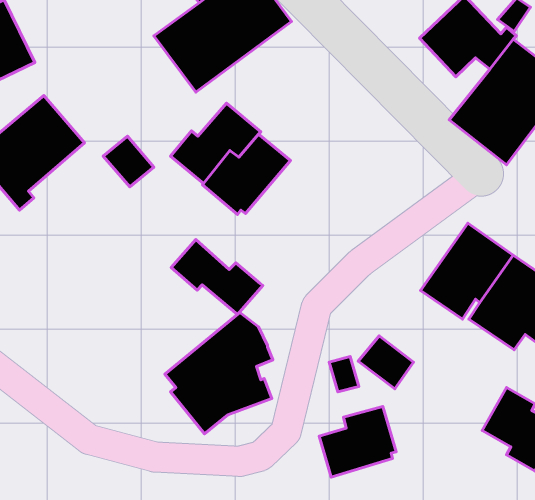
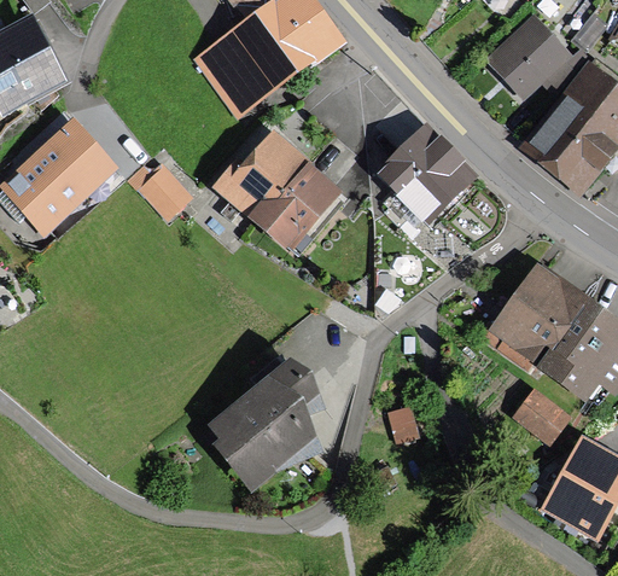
building: none -> [373,122,478,223]
building: [171,240,263,315] -> none
building: [358,336,413,389] -> [513,386,573,444]
building: [319,406,396,477] -> none

